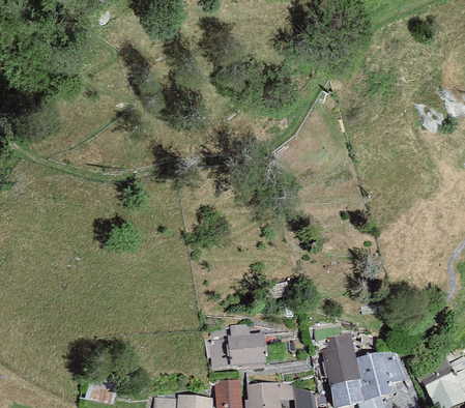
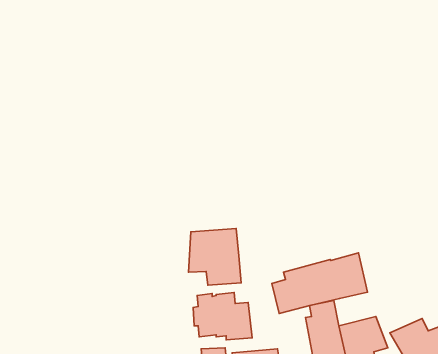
building: none -> [189,228,241,285]
building: none -> [272,253,368,313]

